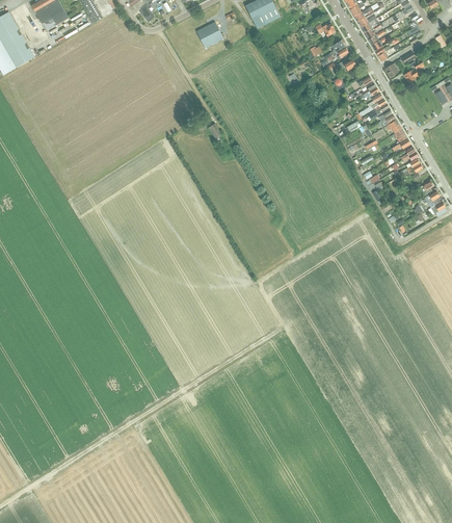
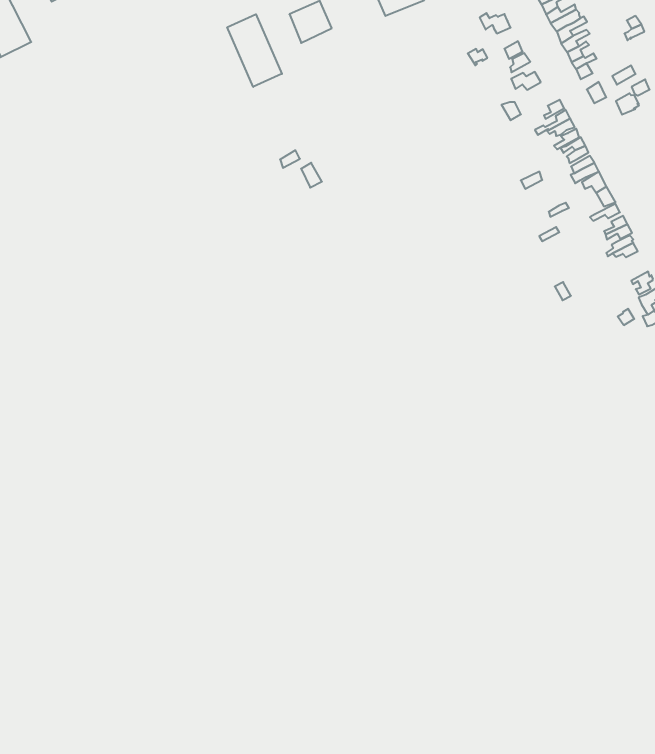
building: none -> [227,14,282,87]

